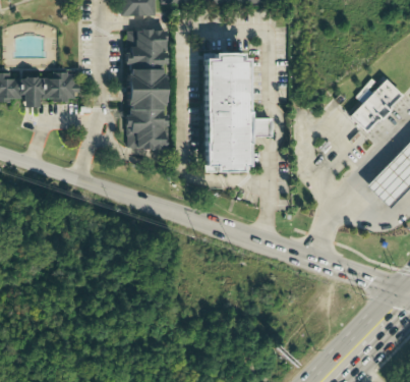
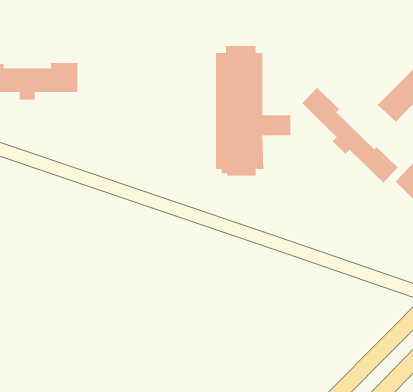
building: [128,29,169,148] -> none
building: none -> [301,87,398,183]

